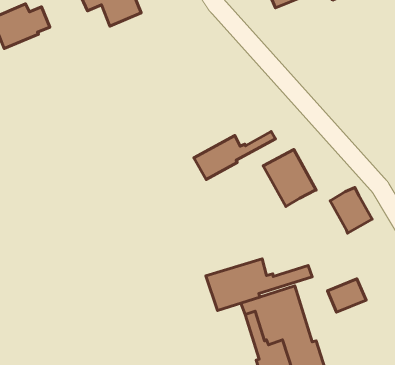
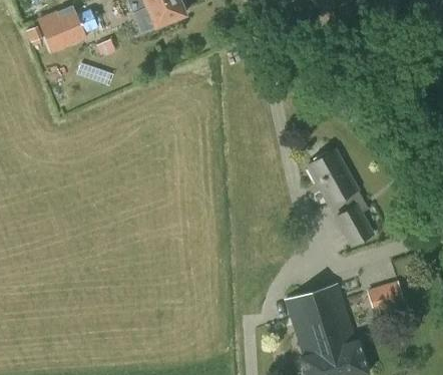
building: [194,131,275,180] -> none
building: [330,187,372,233] -> [333,204,374,249]
building: [206,259,312,310] -> none

